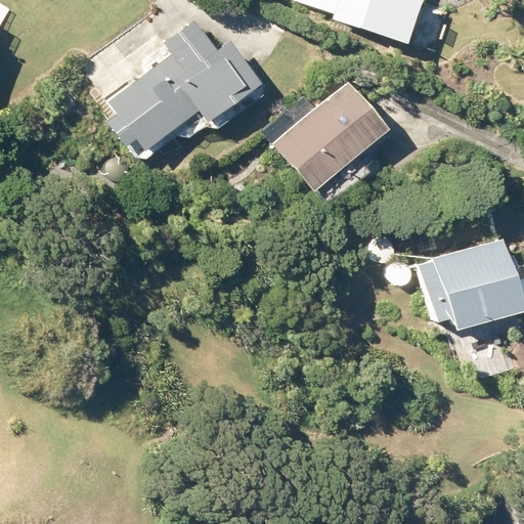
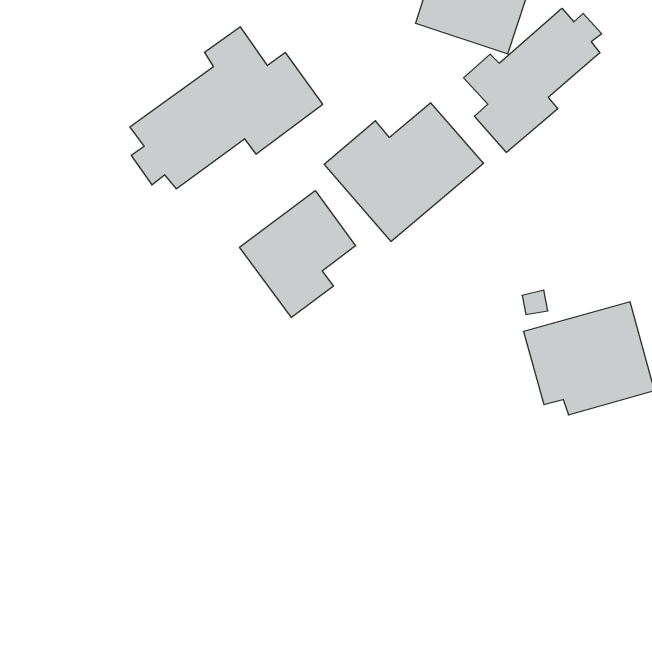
building: none -> [464,8,602,152]
building: none -> [240,191,356,318]

